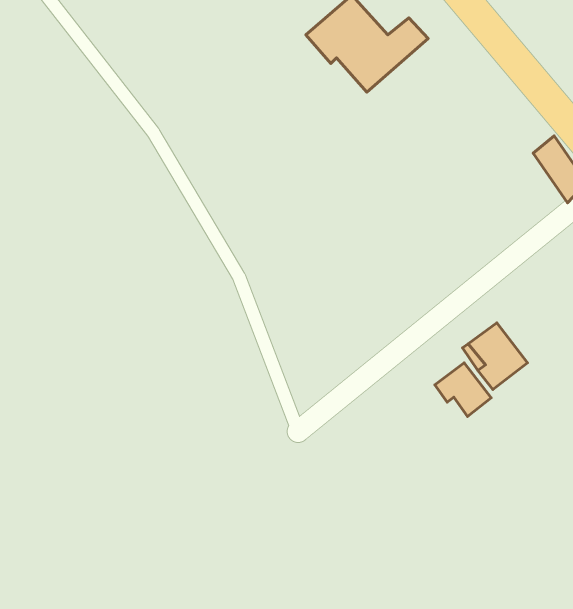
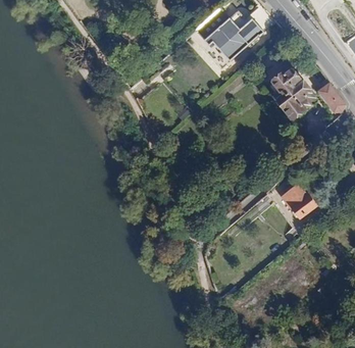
building: none -> [266,69,313,125]
building: [435,363,491,416] -> none

